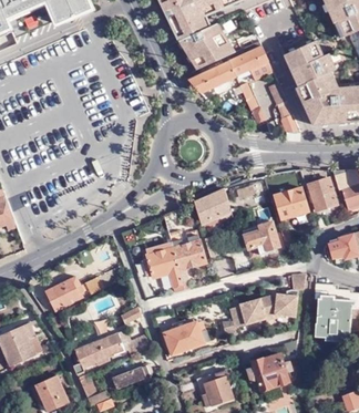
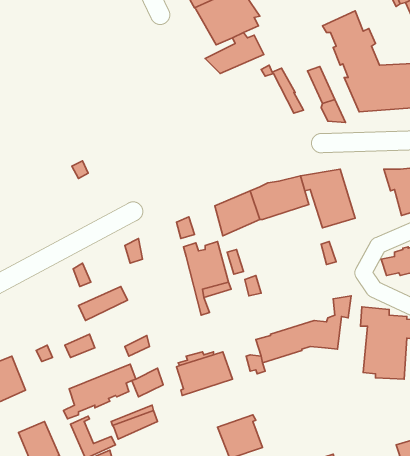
building: [227,47,273,80] -> none
building: [301,168,338,210] -> none
building: [244,221,280,257] -> none
building: [142,241,184,291] -> none
building: [45,277,84,310] -> none
building: [246,352,291,389] -> none

